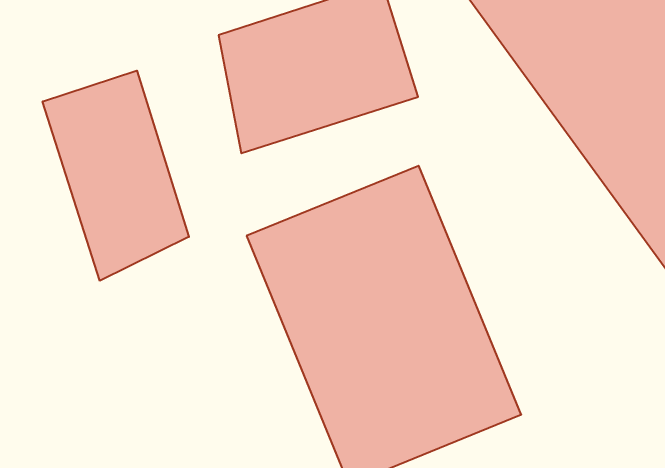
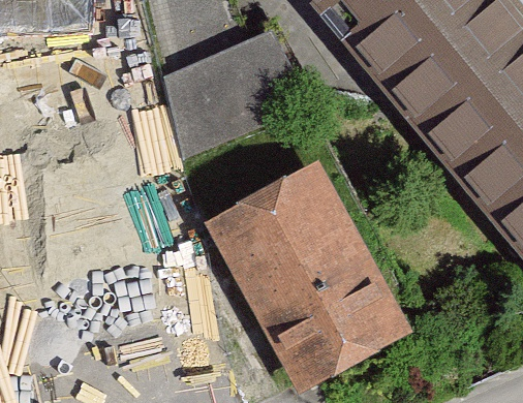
building: [43,71,189,281] -> none

